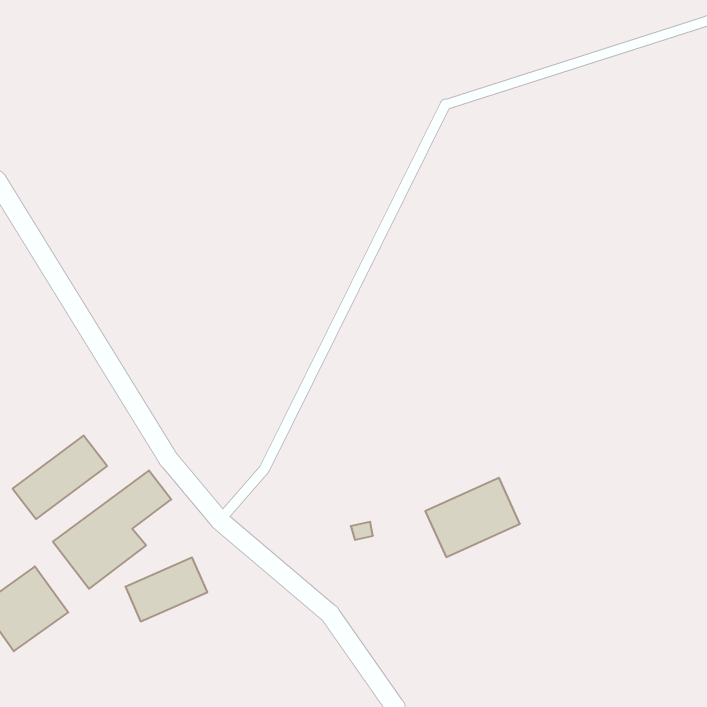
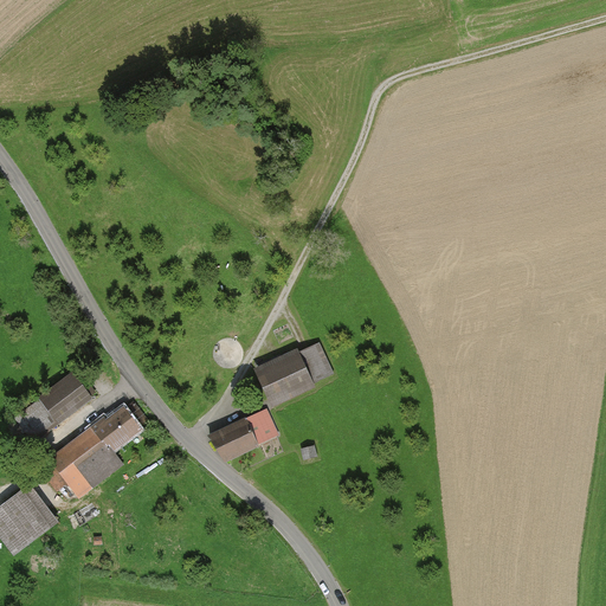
building: [425,478,520,557] -> [253,339,334,406]
building: [125,557,207,621] -> [208,408,278,463]

